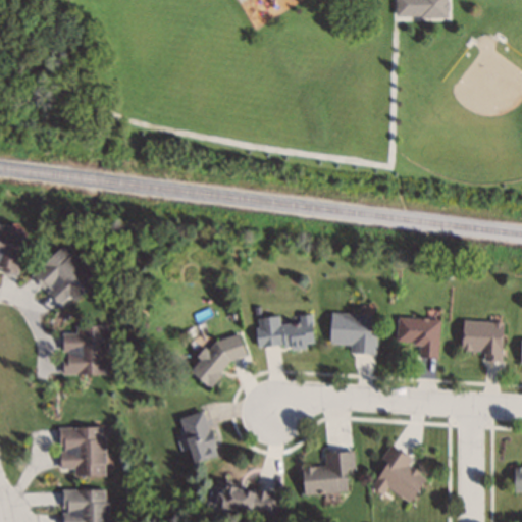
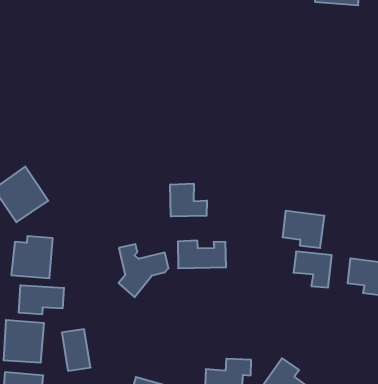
building: none -> [170,184,207,217]
building: [329,313,377,354] -> [282,211,325,248]
building: none -> [19,285,64,314]
building: [179,412,217,463] -> [62,329,91,371]

